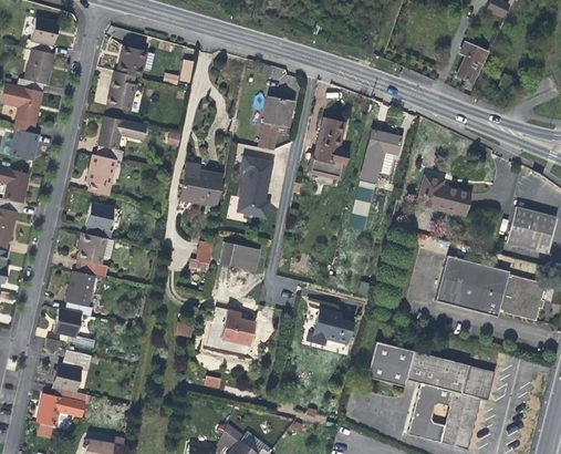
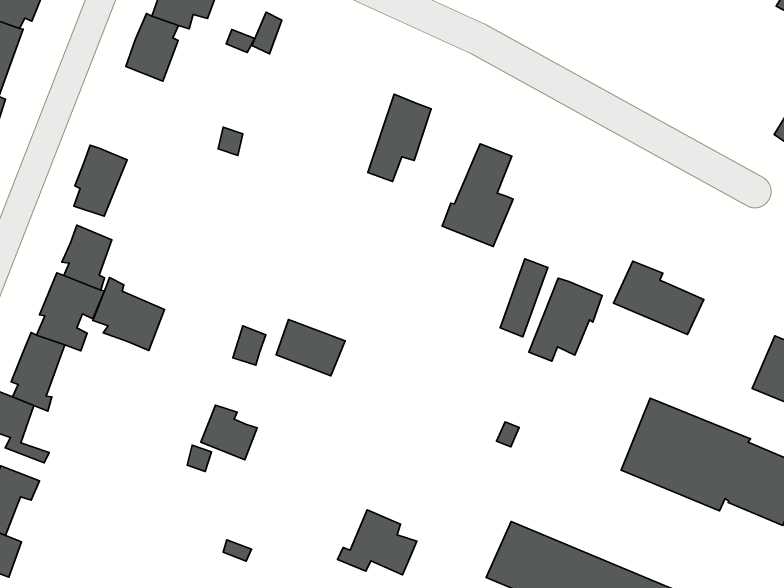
building: [454,41,488,84] -> none
building: [97,115,146,161] -> none
building: [361,131,399,180] -> [529,278,602,361]
building: [237,153,273,216] -> none
building: [179,164,219,205] -> none
building: none -> [93,278,164,351]
building: [307,308,352,344] -> [338,510,417,575]
building: [222,316,254,345] -> [201,405,257,460]

